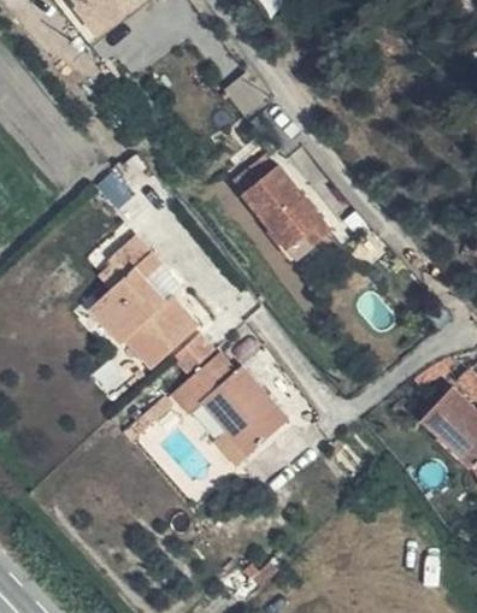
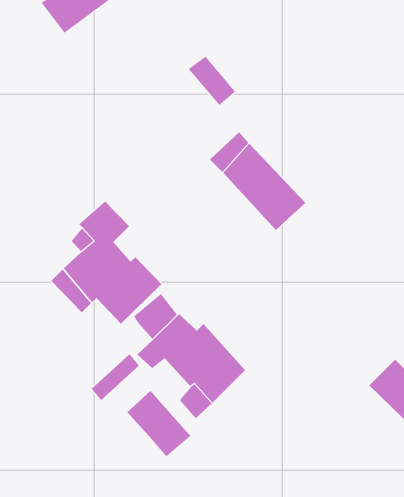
building: none -> [126,390,192,457]

